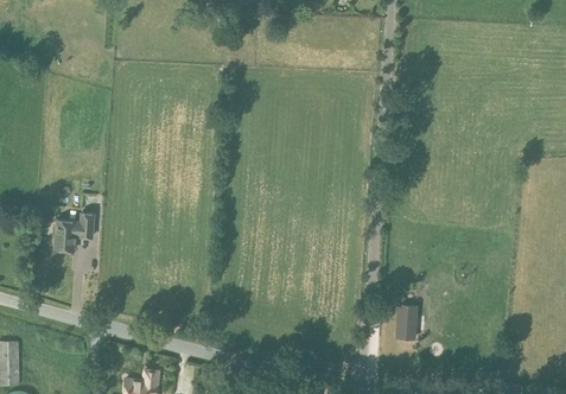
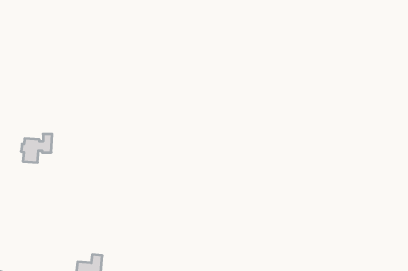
building: [398,304,415,338] -> none

